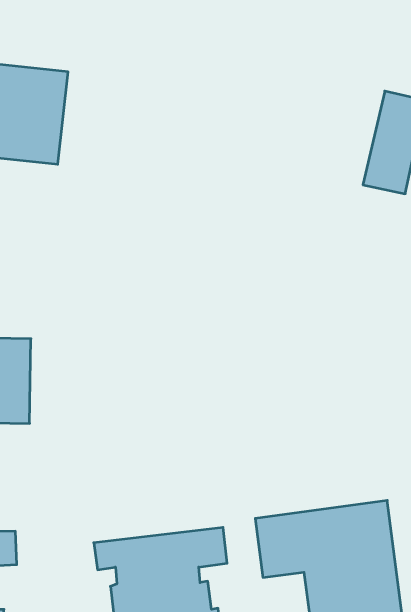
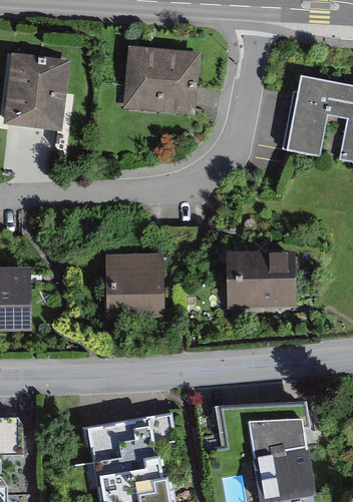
building: none -> [123,50,203,121]
building: none -> [225,253,298,310]
building: none -> [93,254,164,321]

